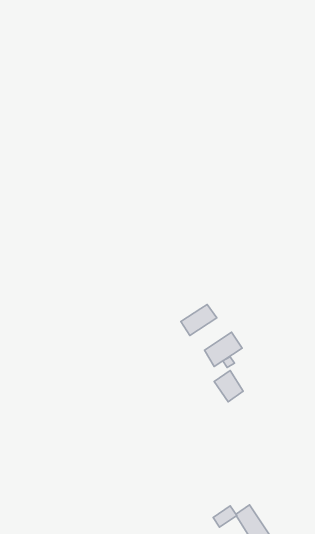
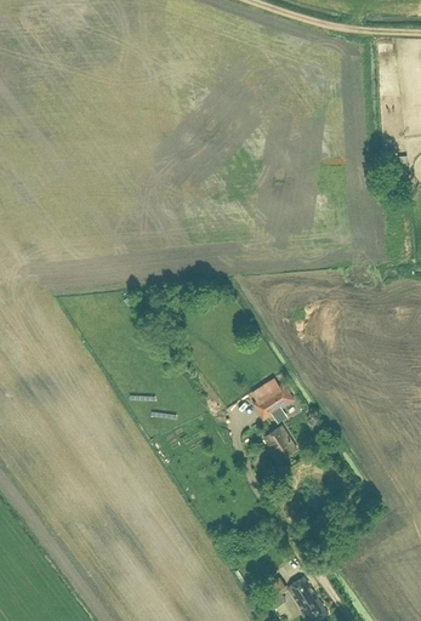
building: [181,305,217,335] -> none

